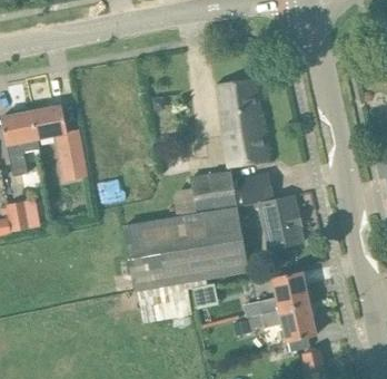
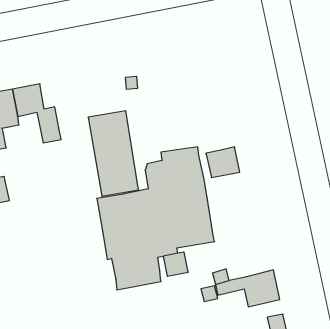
building: [216,78,269,168] -> [88,111,139,196]
building: [259,197,304,249] -> none
building: [272,272,309,311] -> none

